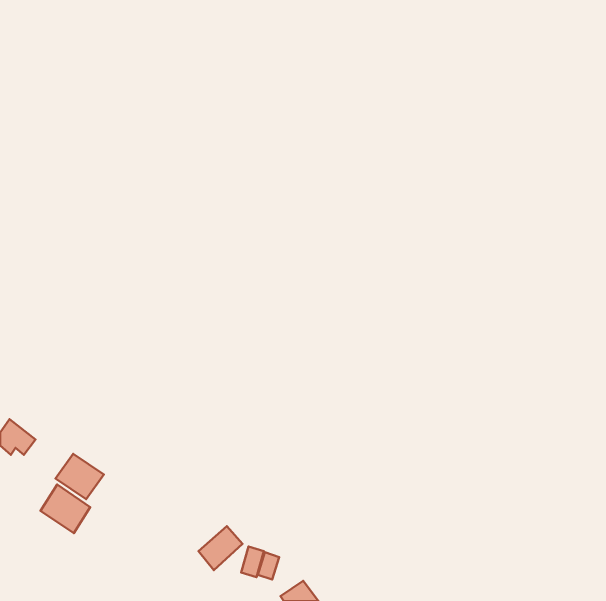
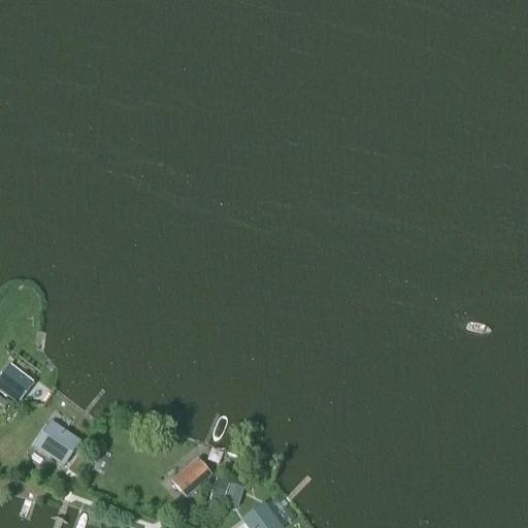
building: [56,454,104,499] -> none

